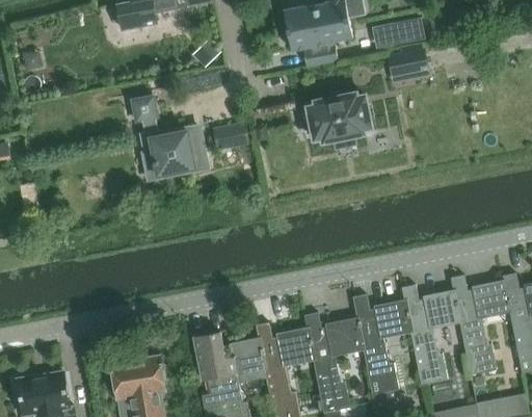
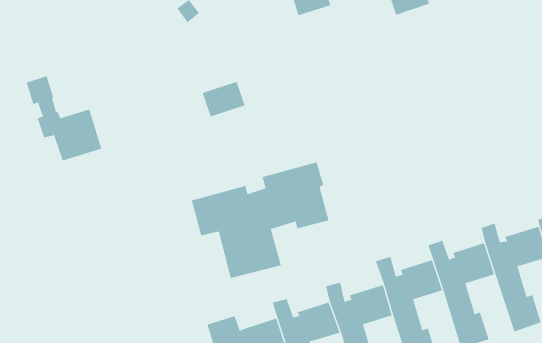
building: [305,93,372,141] -> none
building: [133,96,195,175] -> [26,76,102,161]
building: none -> [190,162,329,279]

